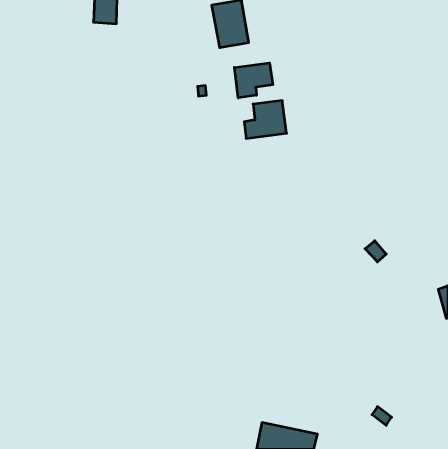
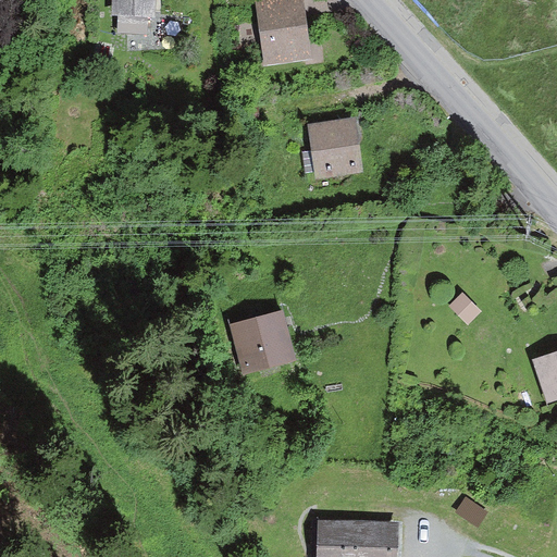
building: [234,63,273,98] -> none
building: none -> [233,312,295,366]

